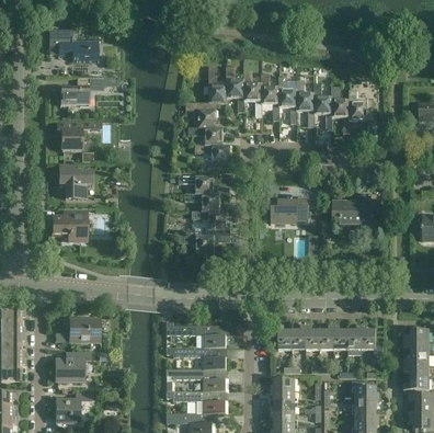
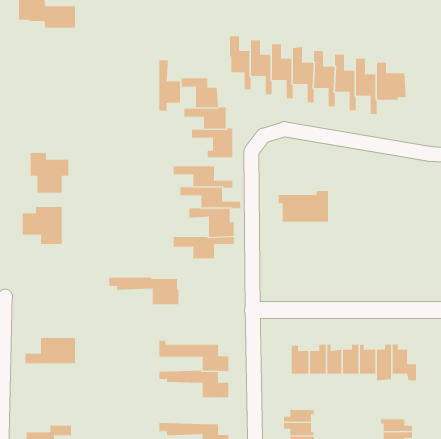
building: [208,67,227,110] -> [158,60,181,111]
building: [60,77,103,105] -> none
building: [57,121,101,151] -> none
building: [332,201,373,228] -> none
building: [55,351,91,381] -> none
building: [167,368,226,391] -> [108,277,179,305]

